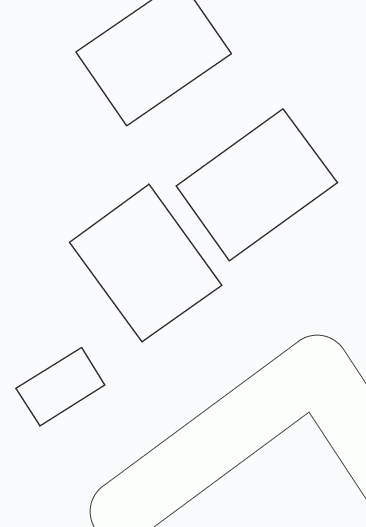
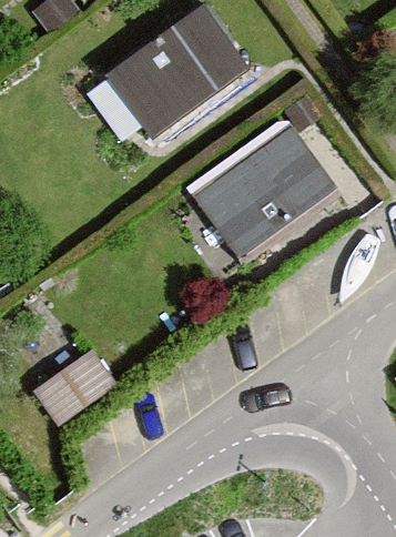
building: [70,184,222,342] -> none

